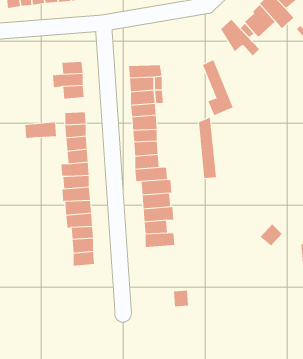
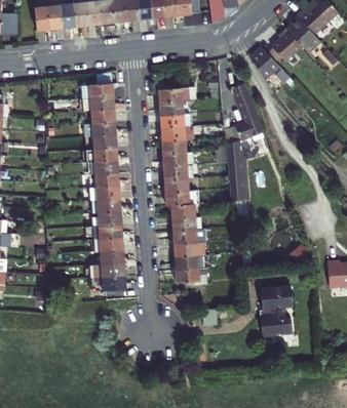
building: [24,122,57,139] -> [83,120,115,136]
building: none -> [174,266,206,284]
building: none -> [258,285,291,335]

